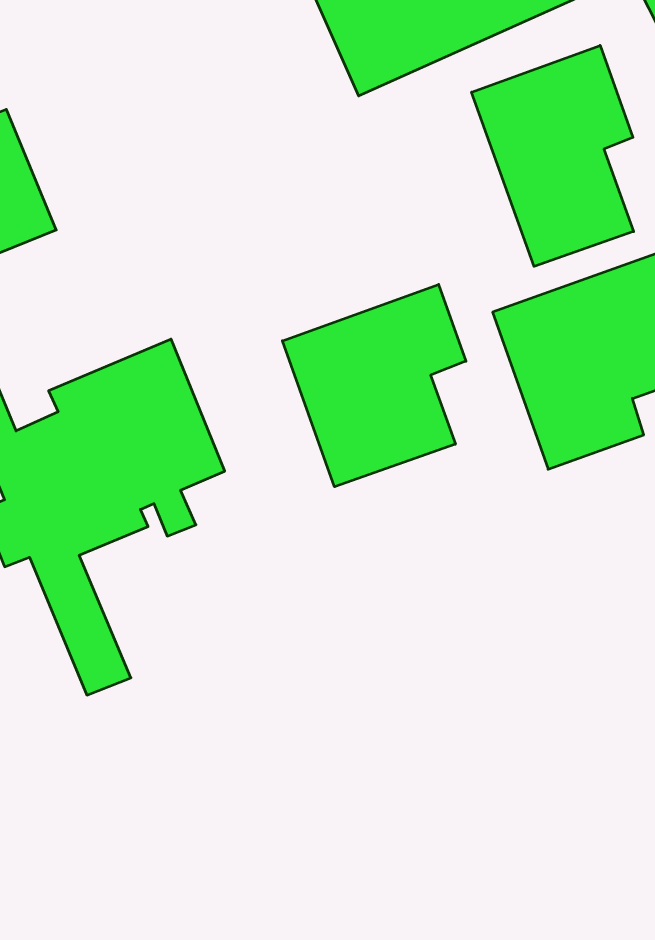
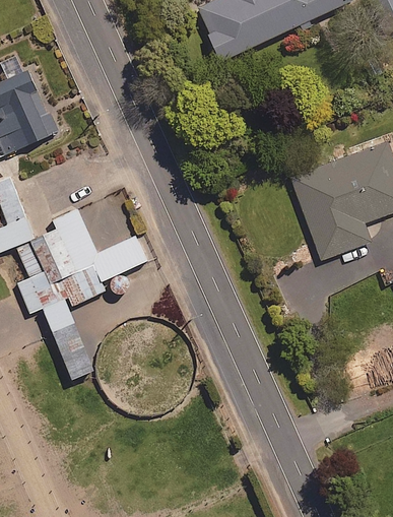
building: [472,45,634,266] -> none
building: [282,284,466,487] -> none

